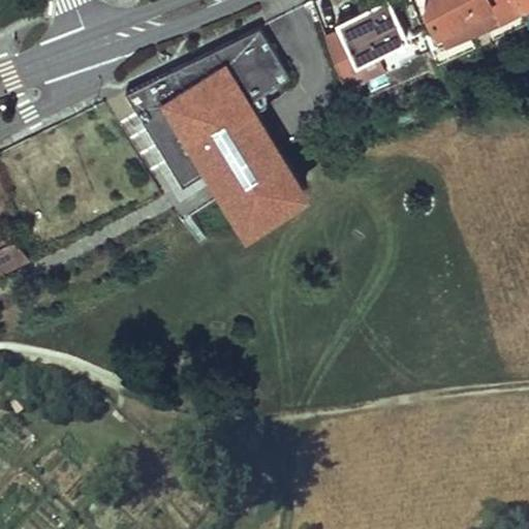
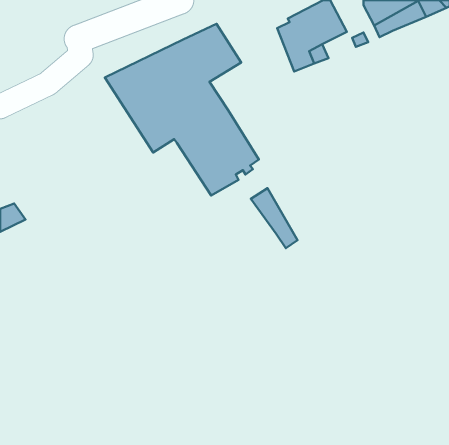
building: none -> [251,188,298,248]

